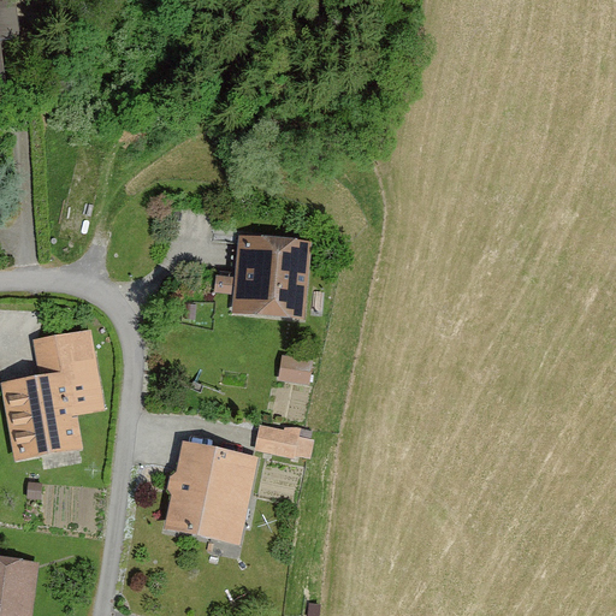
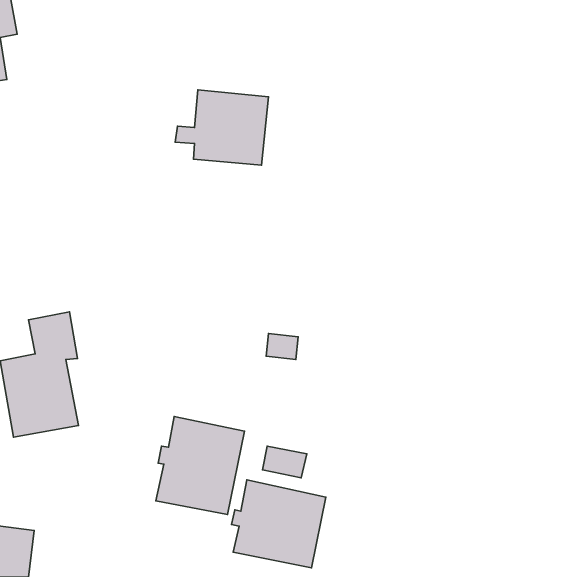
building: [215,235,314,314] -> [175,90,268,165]
building: [255,424,302,457] -> [263,446,307,478]
building: none -> [232,480,326,568]

